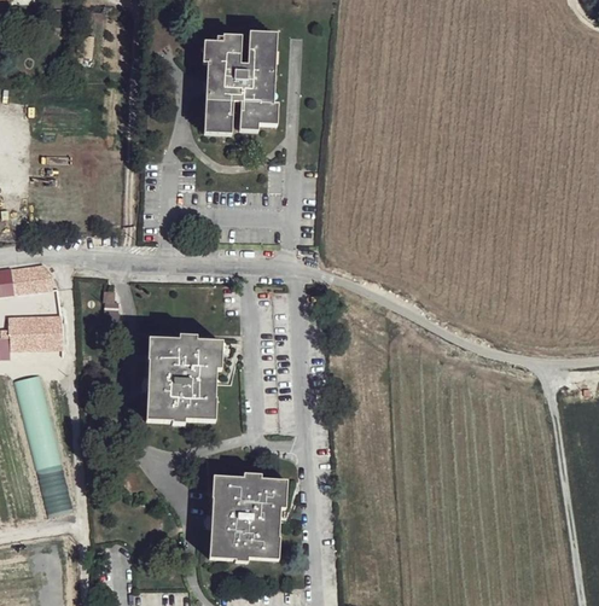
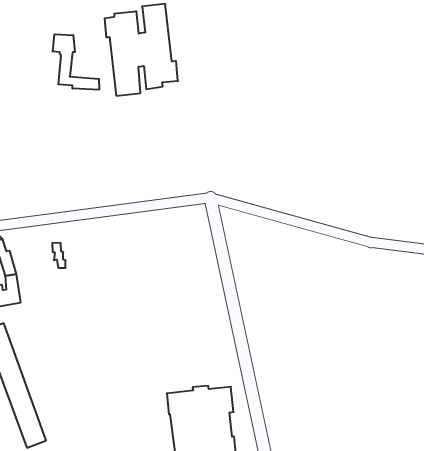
building: none -> [53,34,99,90]
building: [144,336,223,425] -> none

